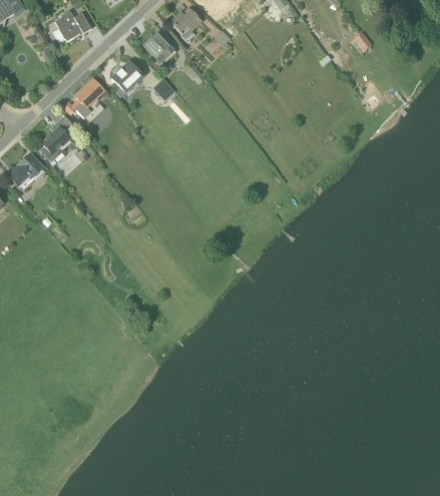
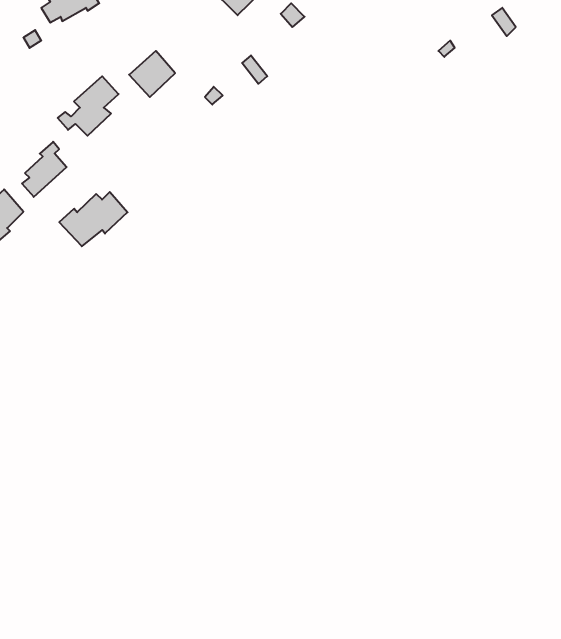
building: [144,30,174,61] -> none
building: none -> [59,192,128,246]

